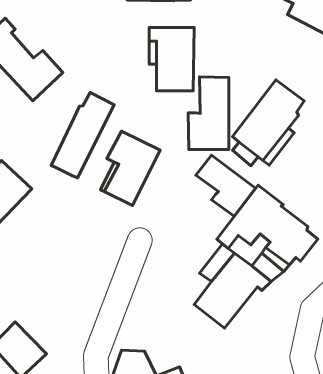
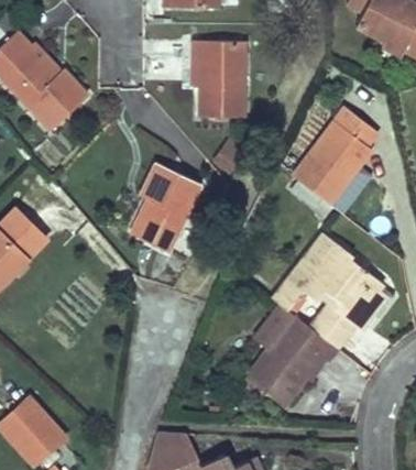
building: [188,77,229,149] -> none
building: [51,93,114,178] -> none
building: [196,155,255,216] -> none

